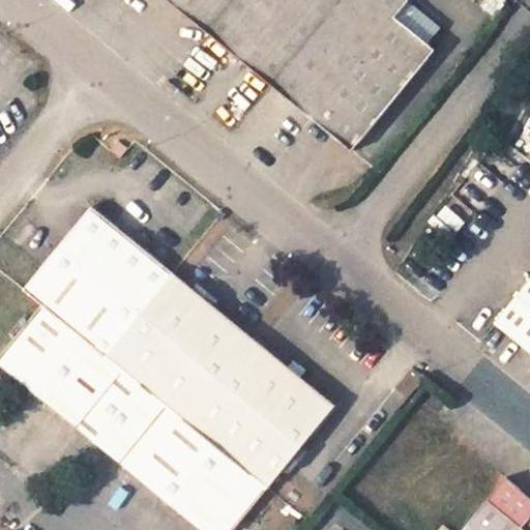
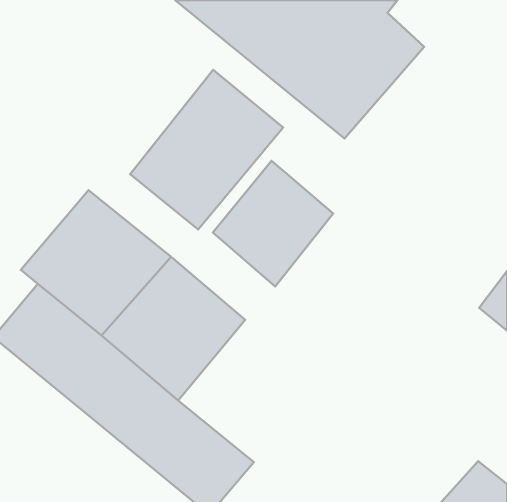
building: none -> [130,70,283,230]
building: none -> [213,161,333,287]
building: [185,340,333,488] -> none

